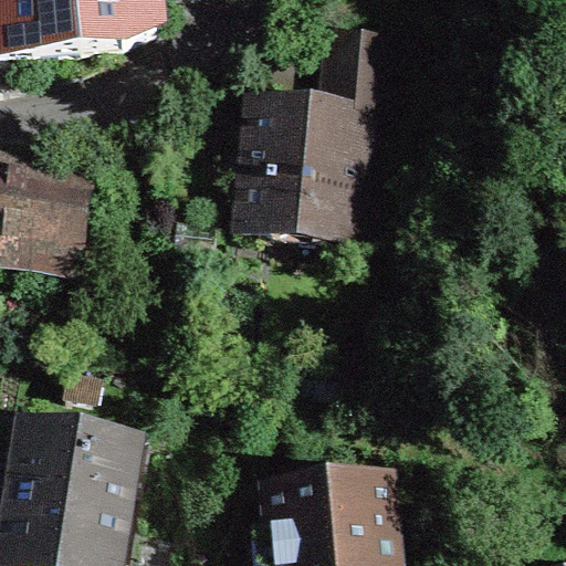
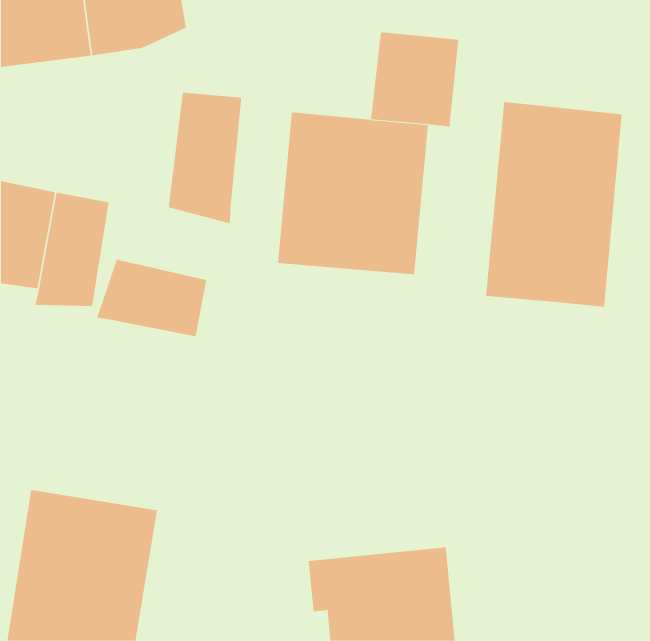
building: none -> [168,92,242,224]
building: none -> [486,101,622,308]
building: none -> [97,259,207,337]

